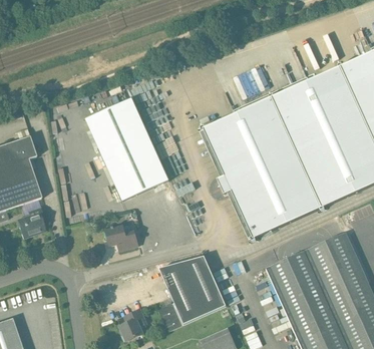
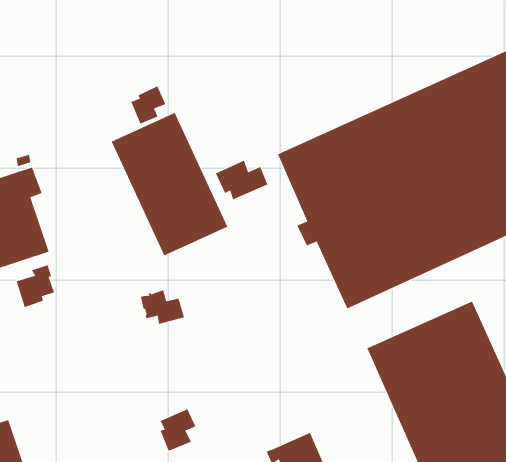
building: none -> [131,86,166,124]
building: none -> [215,160,268,200]
building: [157,256,226,331] -> none

